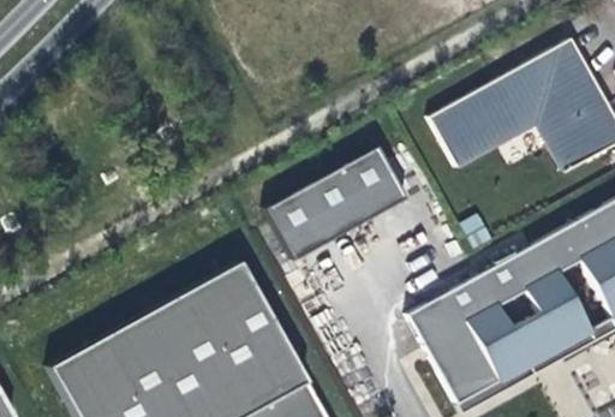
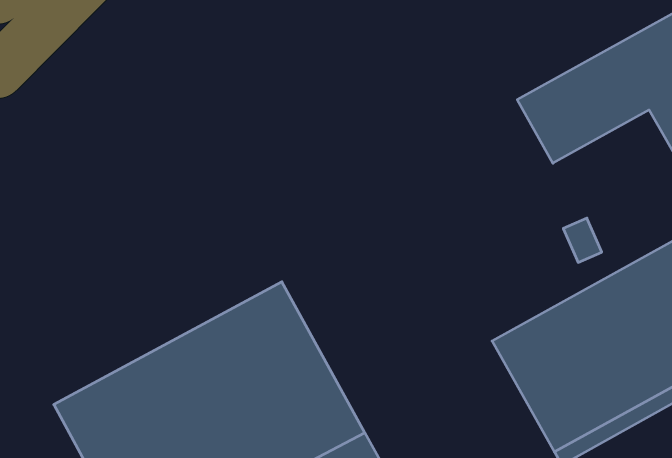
building: [268,144,408,258] -> none

